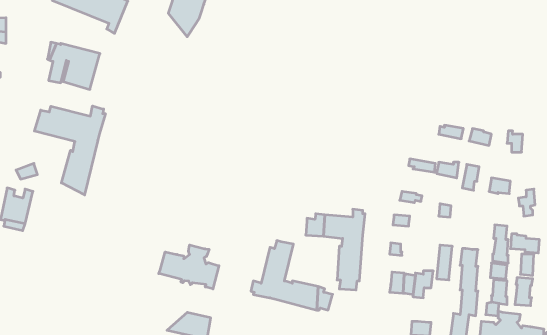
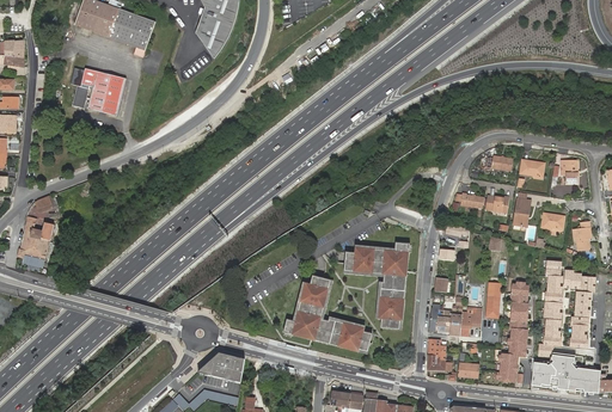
building: [34,106,105,195] -> none
building: [159,245,219,289] -> none
building: none -> [426,339,445,369]

